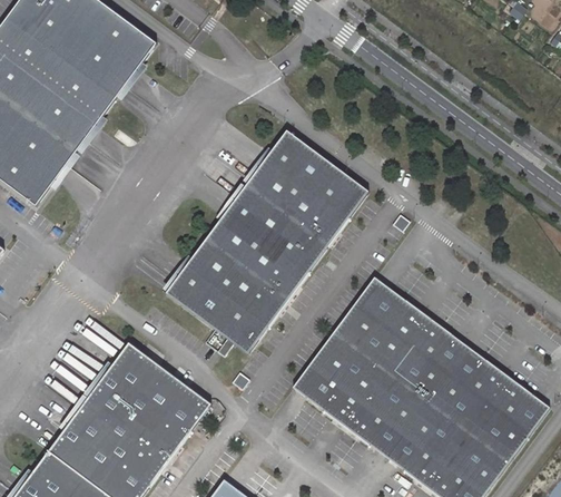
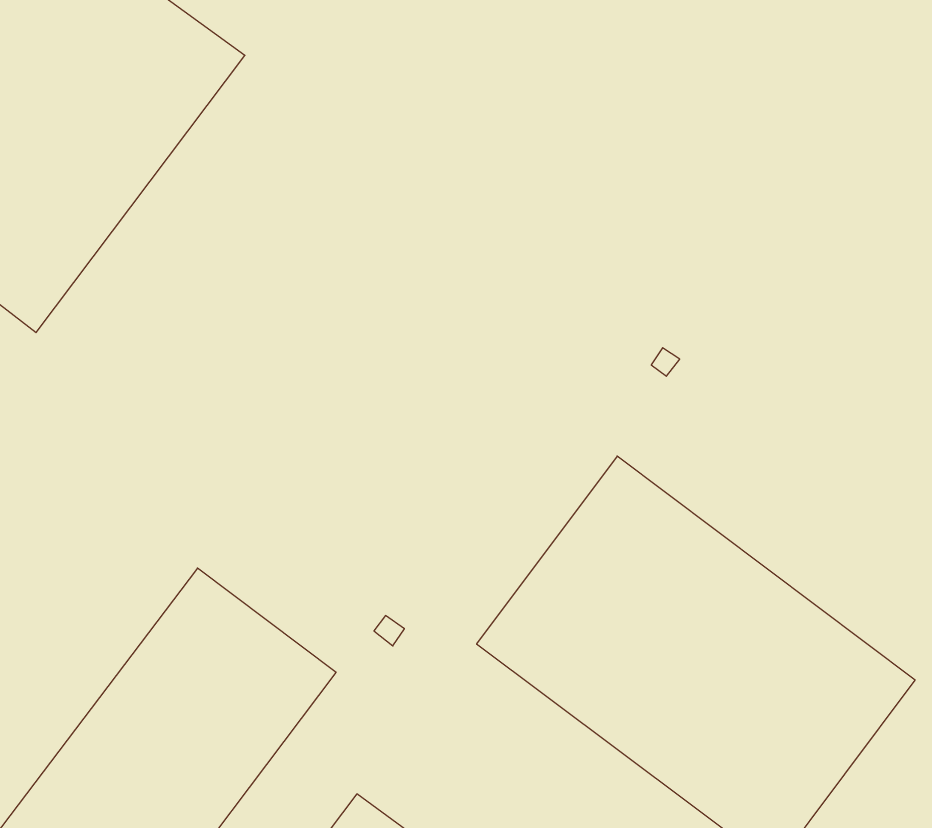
building: [165,130,368,355] -> none

